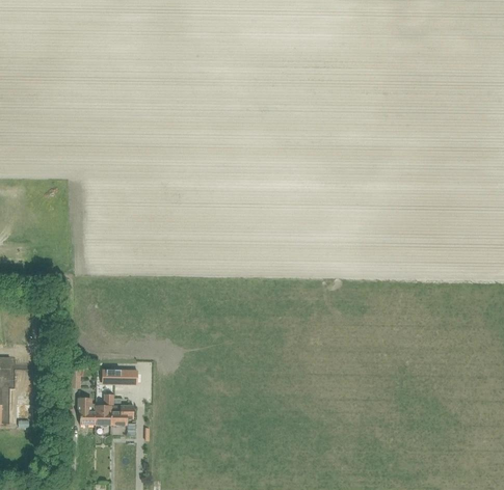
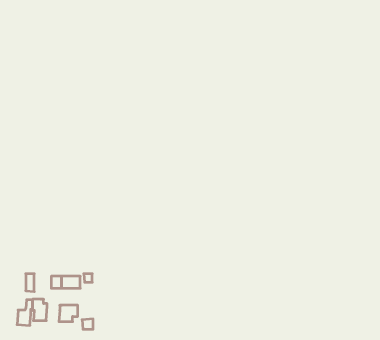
building: [95,393,113,425] -> [17,300,33,325]

